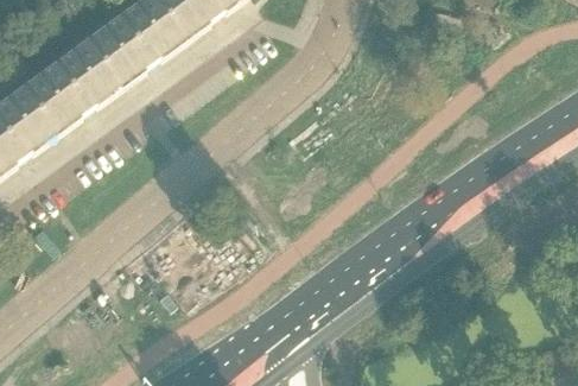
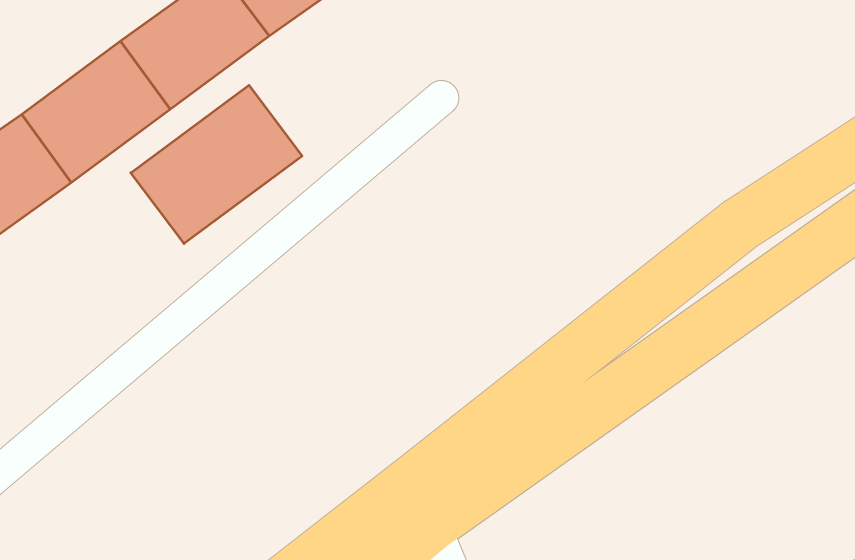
building: none -> [131,85,302,244]

